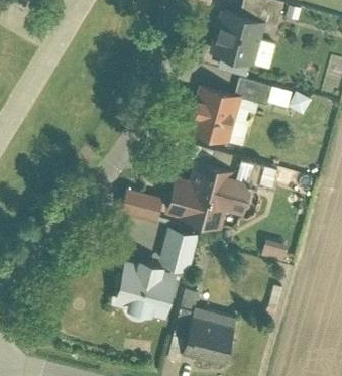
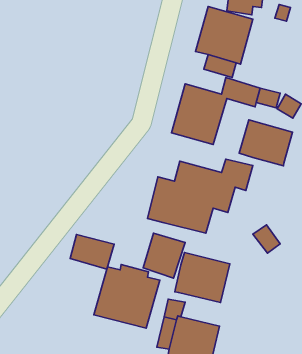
building: none -> [239,120,292,166]
building: [122,191,164,224] -> [70,235,114,269]
building: none -> [175,253,230,302]

